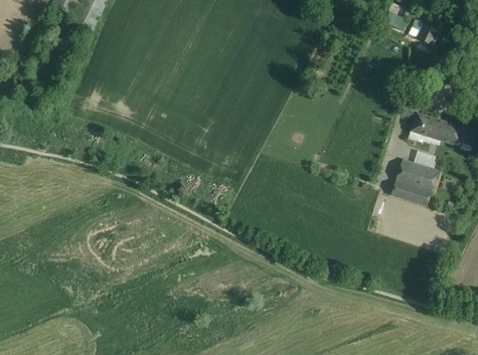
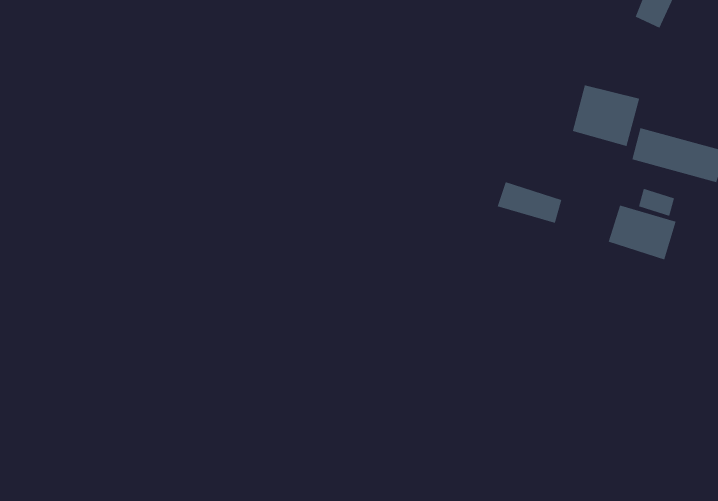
building: none -> [572,85,640,147]
building: [391,181,431,206] -> [497,181,562,223]

